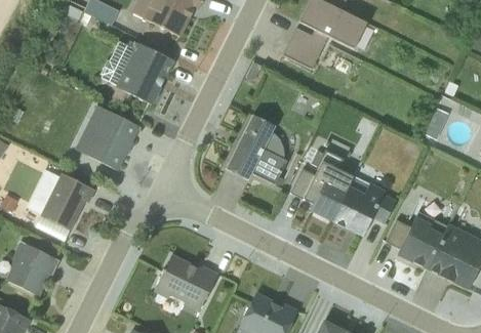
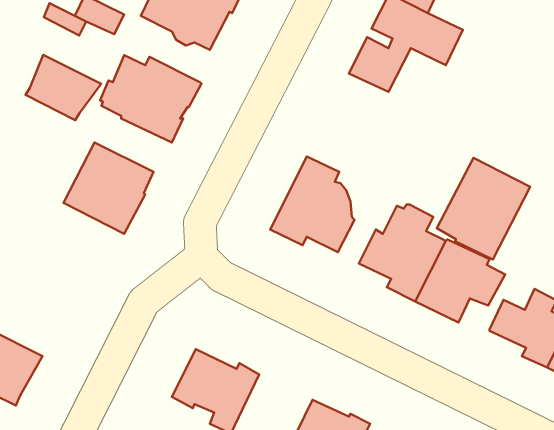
building: none -> [25,55,101,120]
building: none -> [437,158,530,259]
building: [34,169,96,242] -> none

